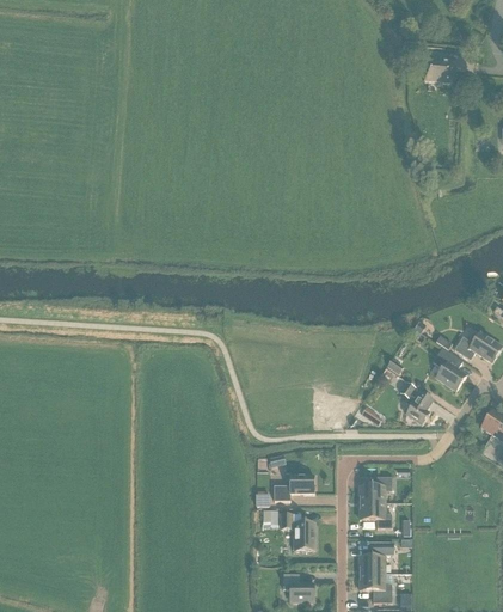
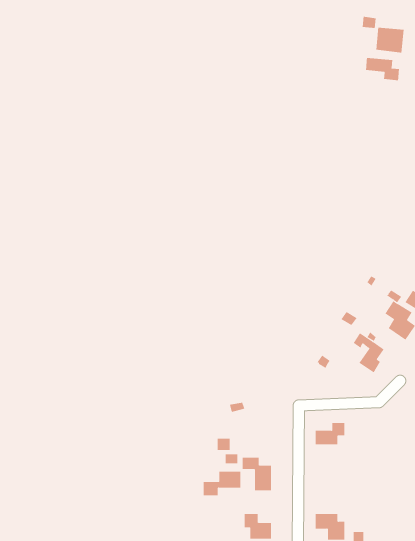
building: none -> [365,57,400,81]
building: [272,475,313,501] -> [203,471,241,496]
building: [358,501,391,528] -> none
building: [358,547,391,574] -> none

